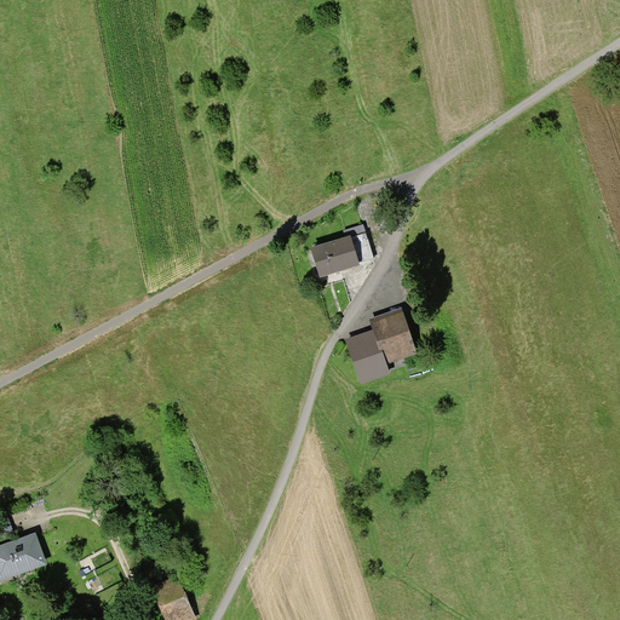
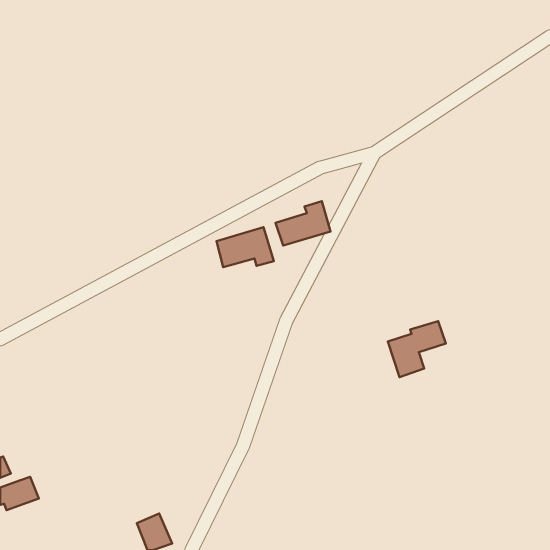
building: none -> [216,227,274,267]
building: [346,320,412,383] -> [388,321,446,377]

